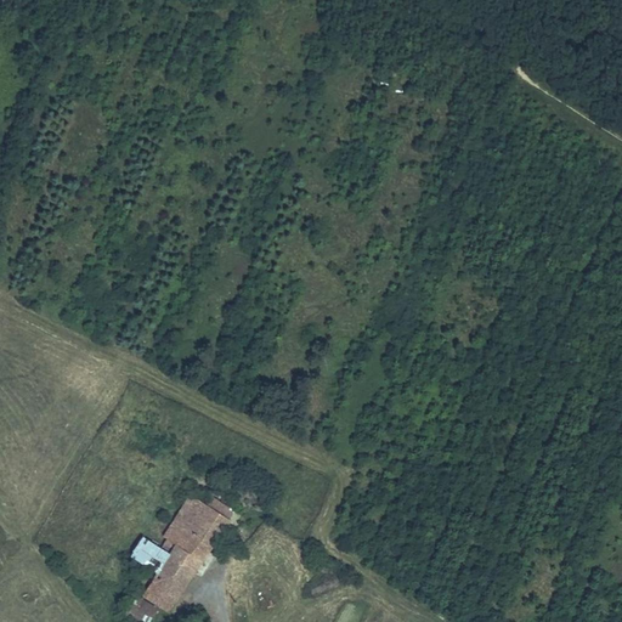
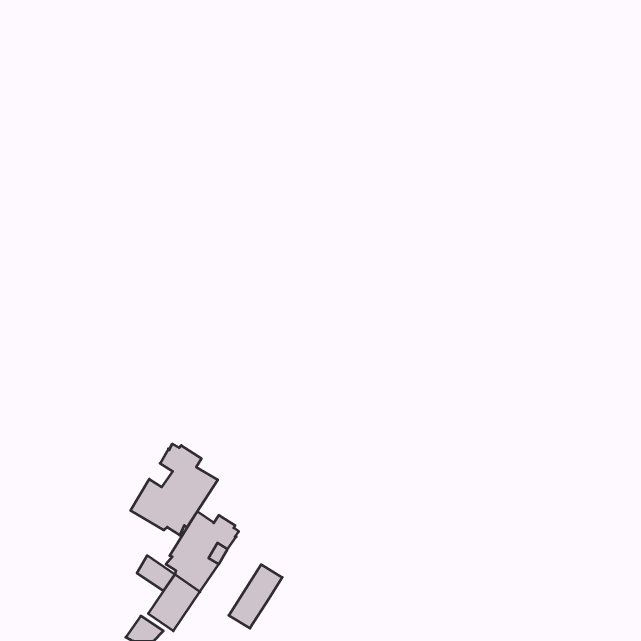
building: none -> [131,444,218,535]
building: none -> [229,565,282,628]

